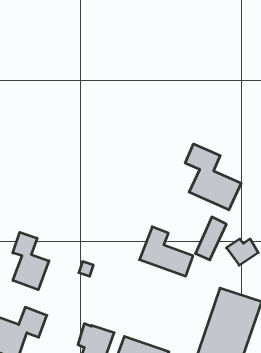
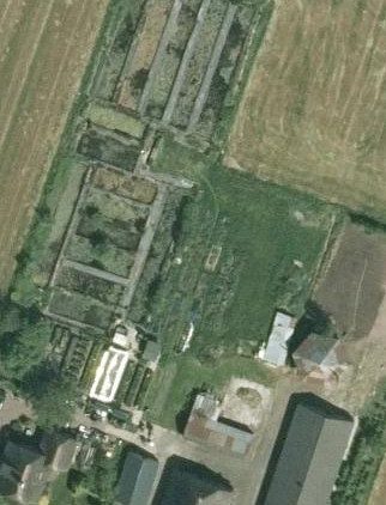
building: [185,144,241,210] -> none
building: [139,227,193,276] -> [183,397,254,462]
building: [13,232,49,290] -> none

